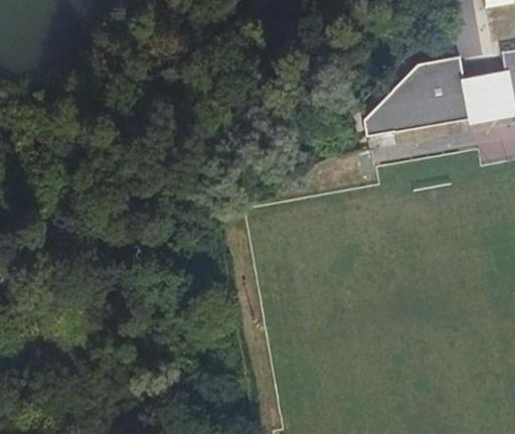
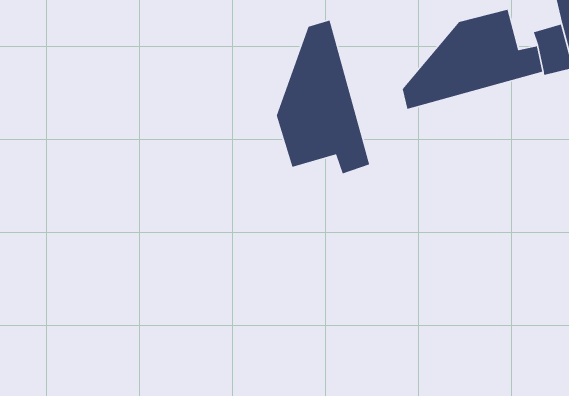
building: none -> [276,20,370,174]

